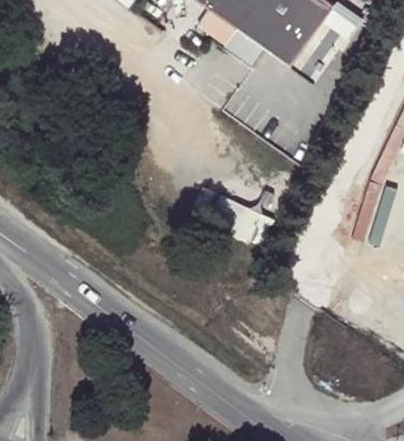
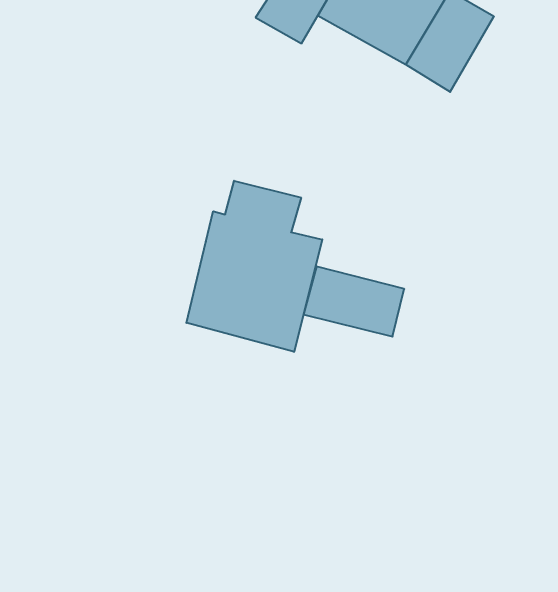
building: none -> [186,181,322,352]

